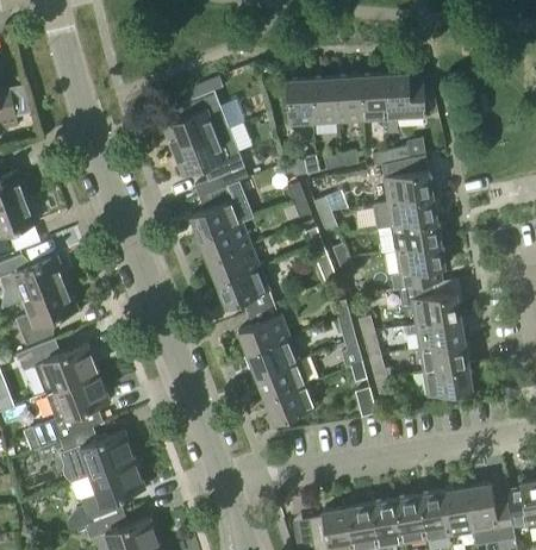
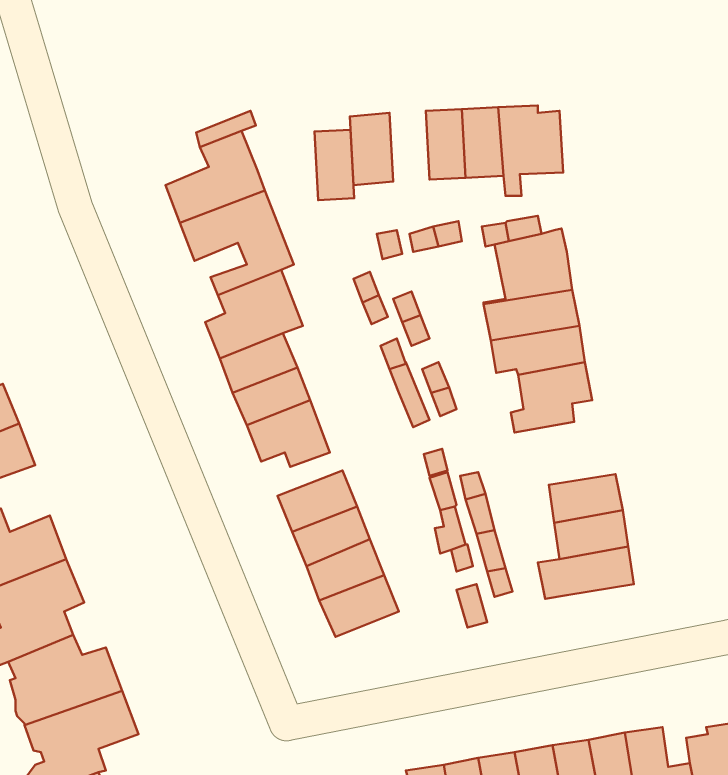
building: [311,77,337,124] -> [314,130,354,200]
building: [393,282,460,324] -> none

